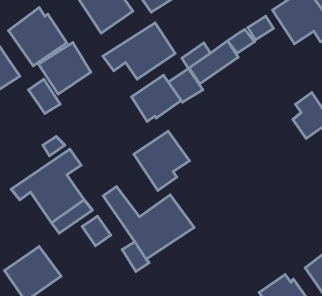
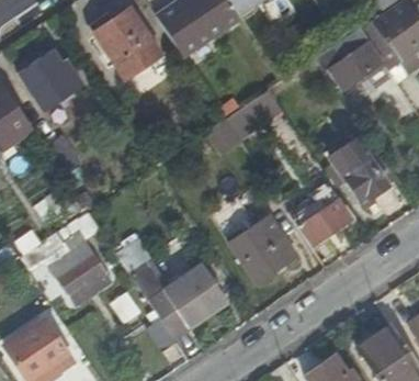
building: [103,23,175,79] -> none
building: [39,43,91,94] -> none
building: [132,75,181,121] -> none
building: none -> [283,190,351,244]
building: [134,131,189,191] -> [230,215,294,283]

